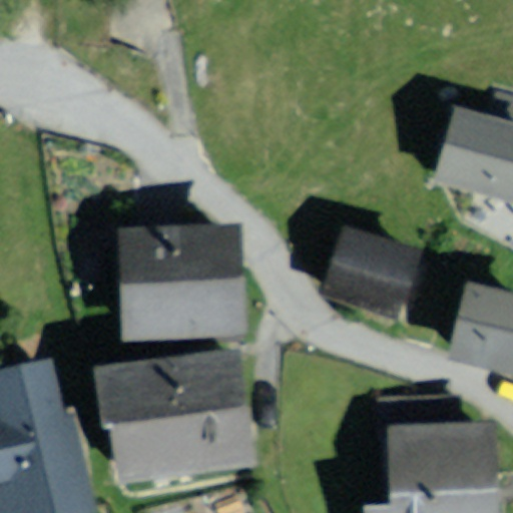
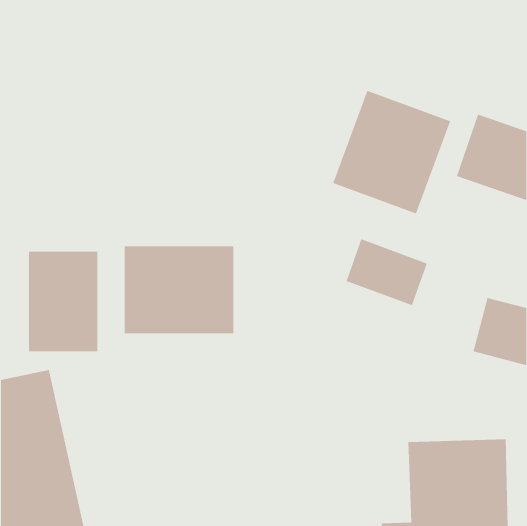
building: none -> [332,90,451,215]
building: none -> [28,251,98,352]
building: [102,353,247,478] -> none

